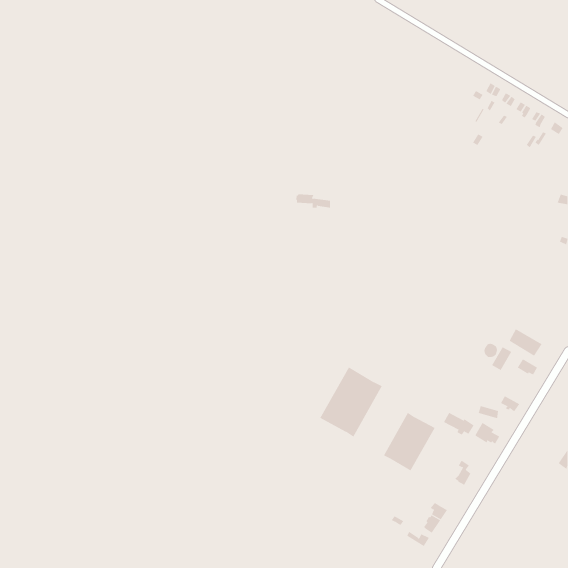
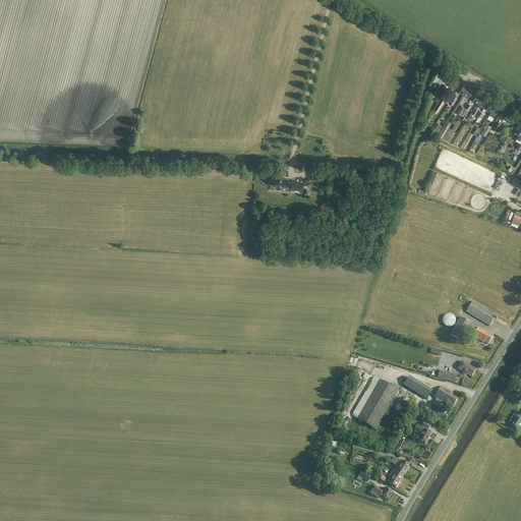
building: [320,367,383,437] -> none

